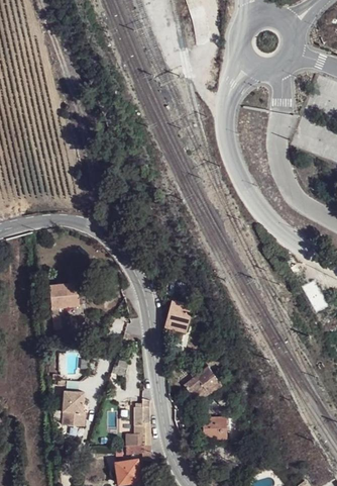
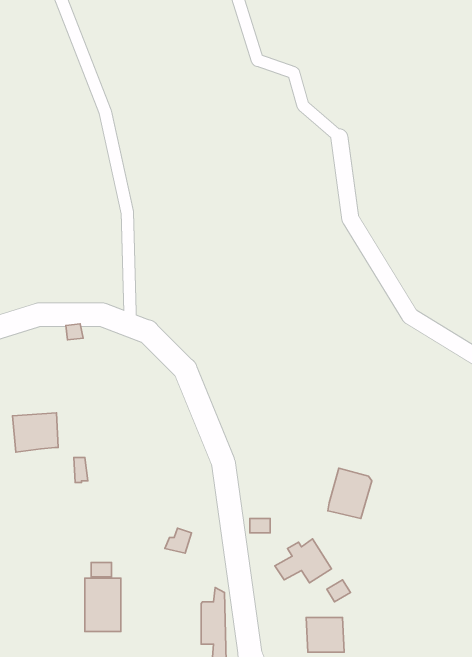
building: [49,283,79,308] -> [13,413,58,452]
building: [164,300,193,332] -> [328,468,372,519]

